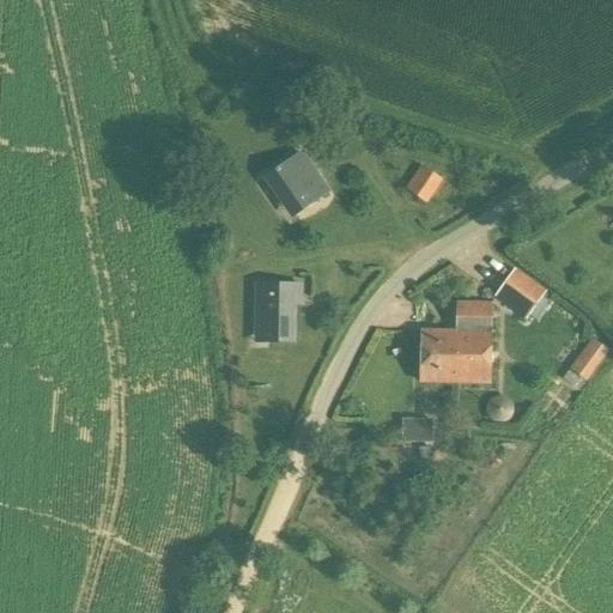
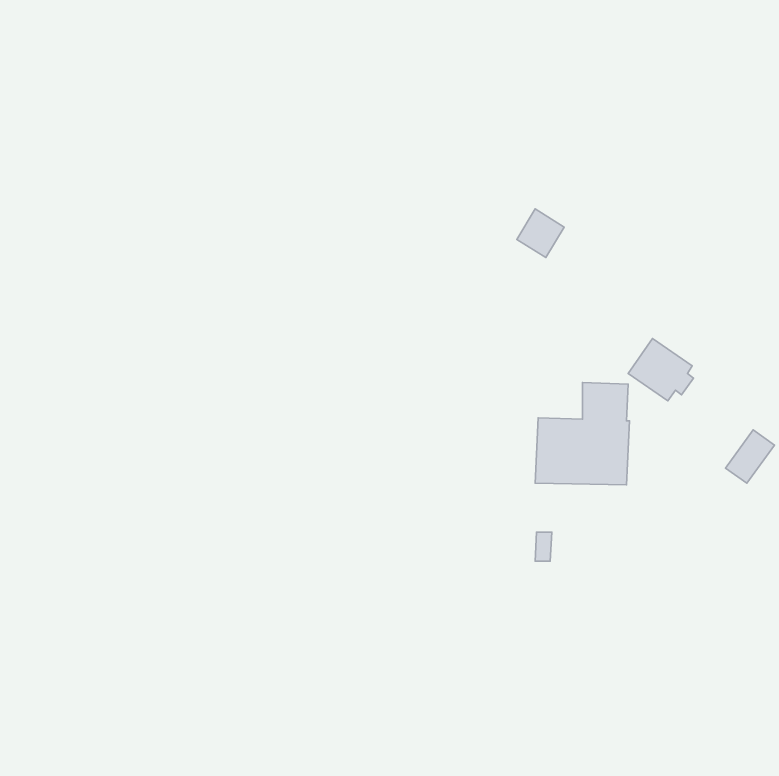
building: [263,150,329,217] -> none
building: [254,281,297,342] -> none

